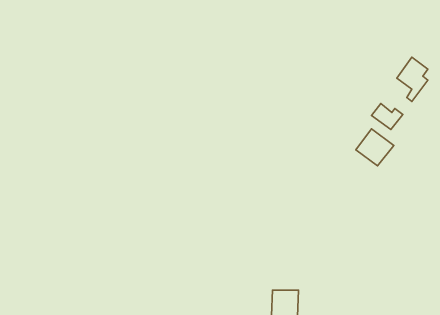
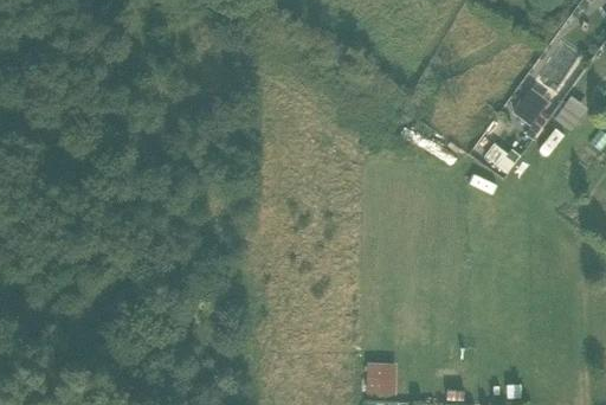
building: [356,129,394,166] -> none

